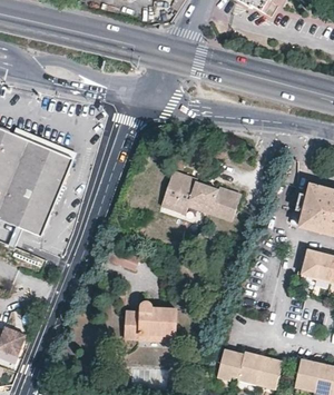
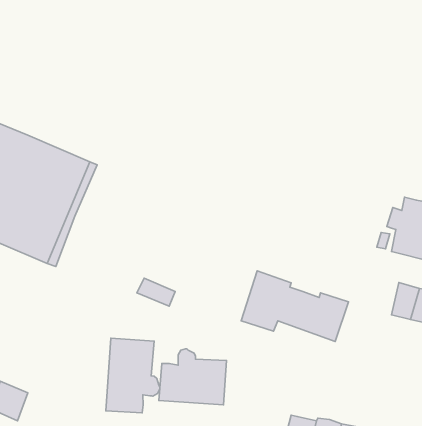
building: [159,169,240,223] -> [241,271,349,342]
building: none -> [106,338,160,413]

